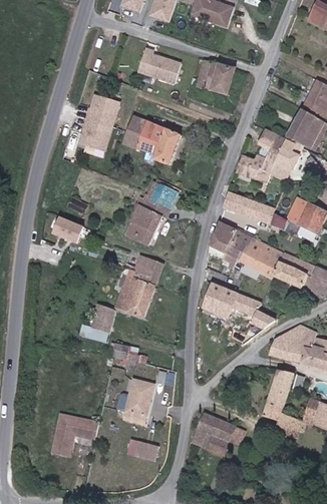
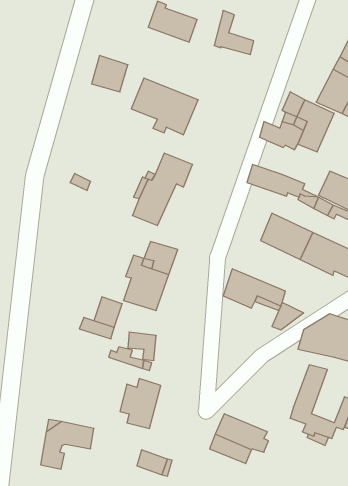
building: [209,59,236,82] -> none
building: [80,120,112,151] -> none
building: [53,218,84,245] -> none
building: [210,220,247,270] -> none

